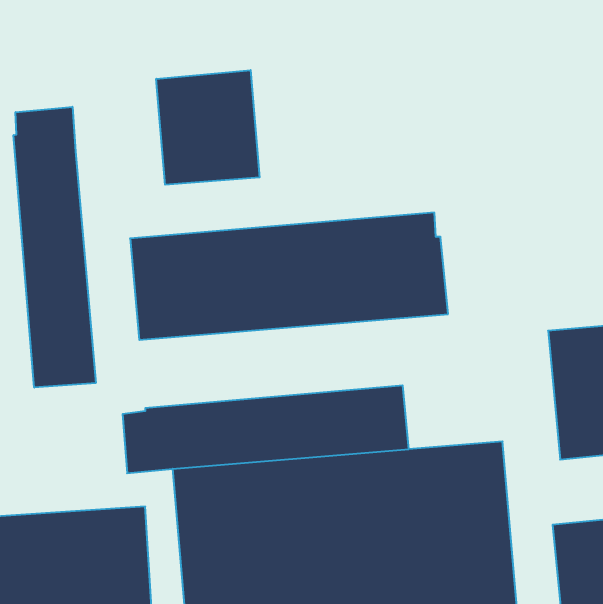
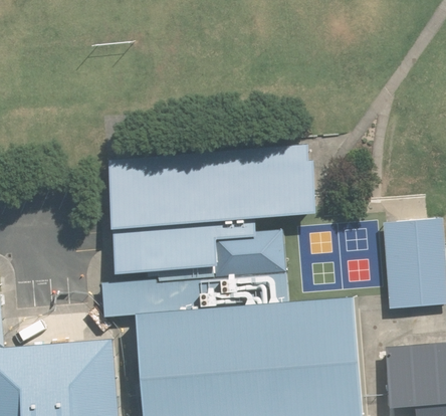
building: [156,70,260,185] -> none
building: [14,107,96,388] -> none
building: none -> [110,217,285,274]

